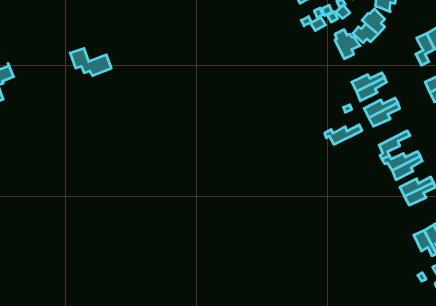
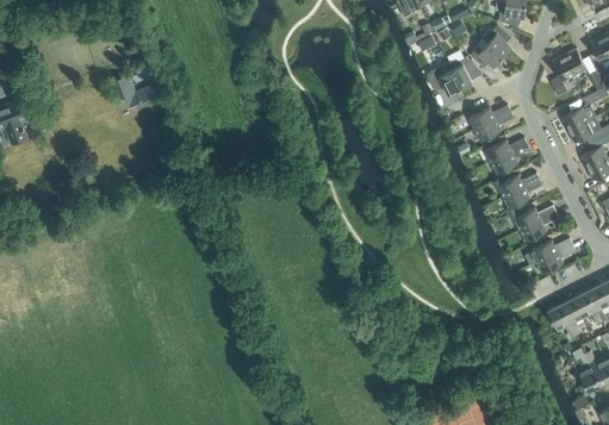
building: none -> [429,63,460,94]
building: [325,125,362,144] -> [492,171,540,196]

